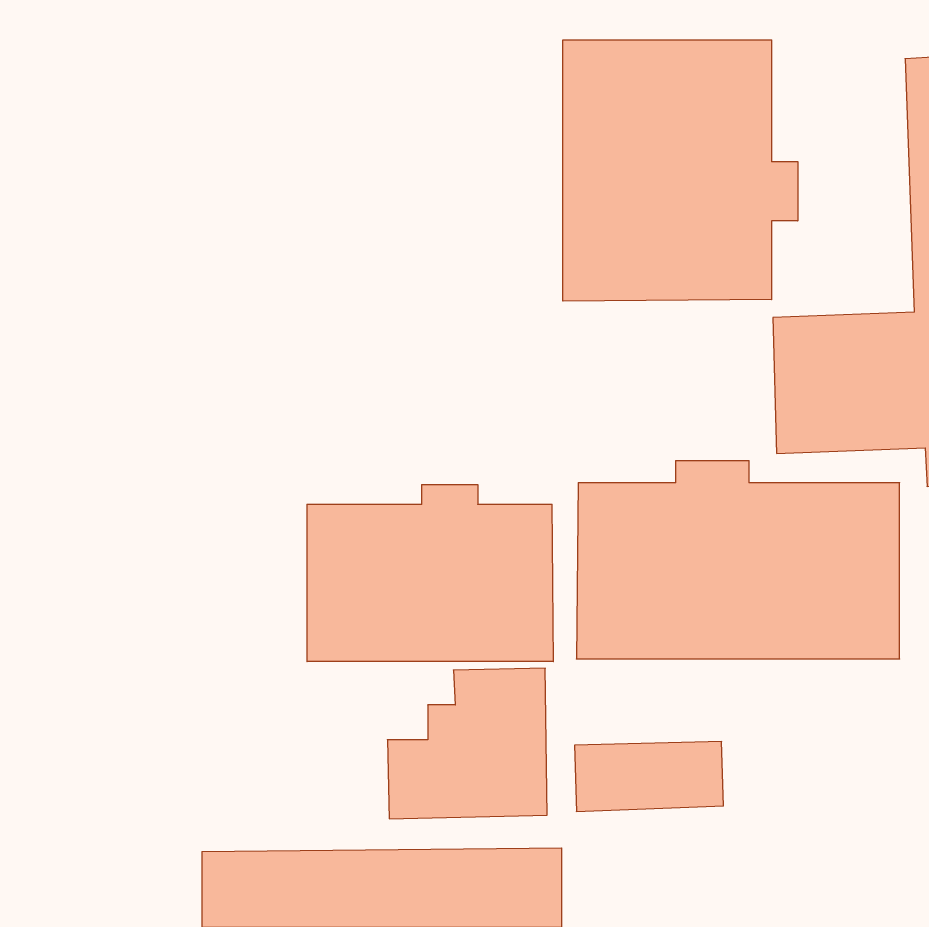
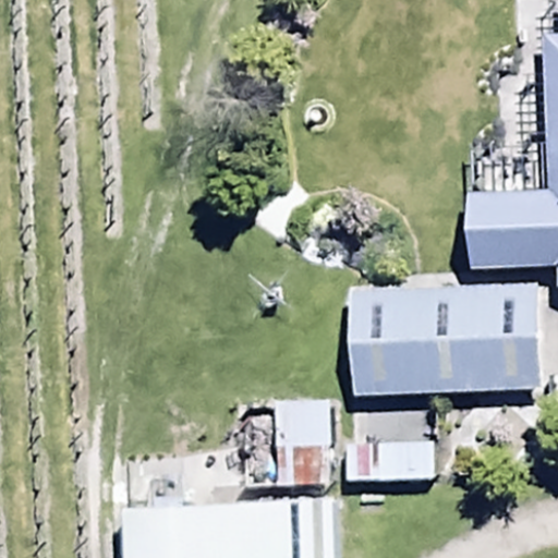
building: [563,40,798,301] -> none
building: [307,485,553,662] -> none

